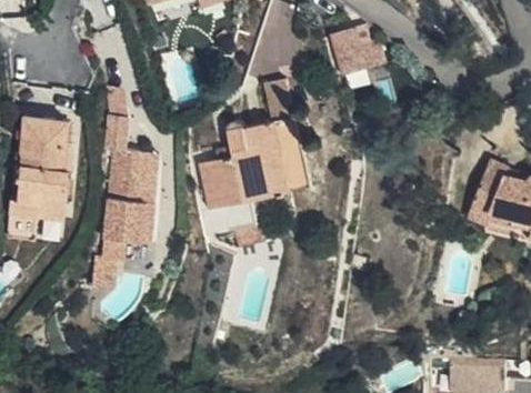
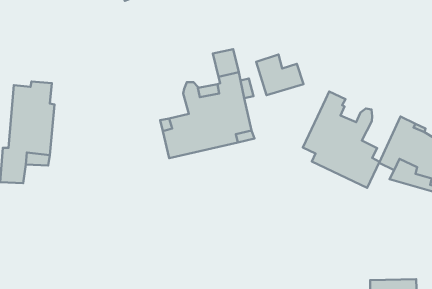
building: [329,26,385,74] -> [256,55,303,95]
building: [106,117,157,260] -> none
building: none -> [303,91,380,188]

